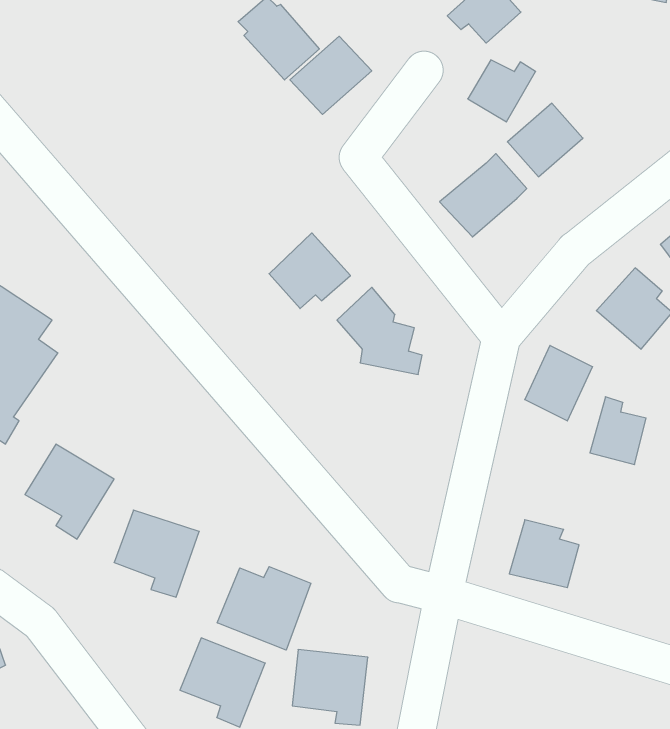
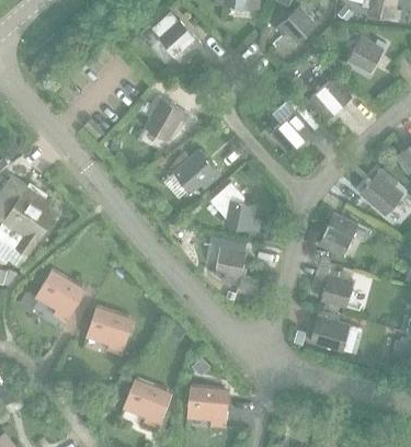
building: [290,36,372,114] -> none
building: [468,60,536,122] -> [346,37,385,72]
building: none -> [145,96,184,140]
building: none -> [215,242,246,284]
building: [590,397,646,465] -> [320,270,352,308]
building: [217,567,311,650] -> none

